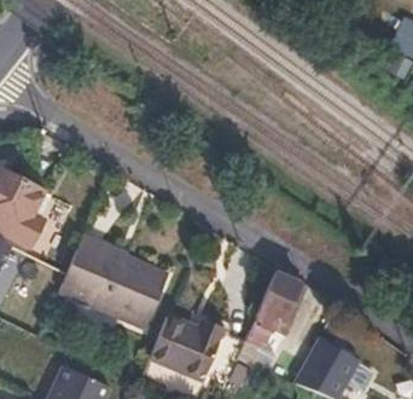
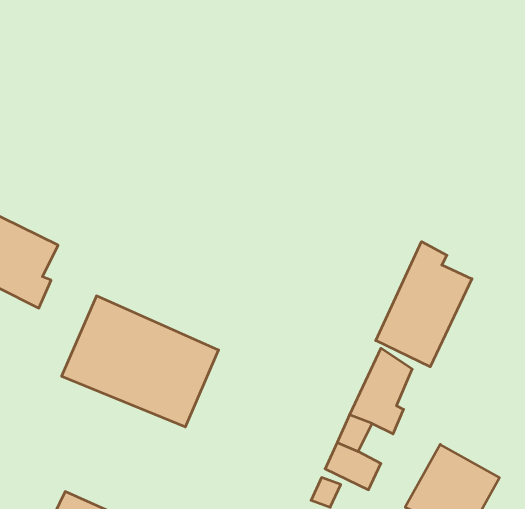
building: none -> [376,242,472,367]
building: [150,313,223,376] -> none

